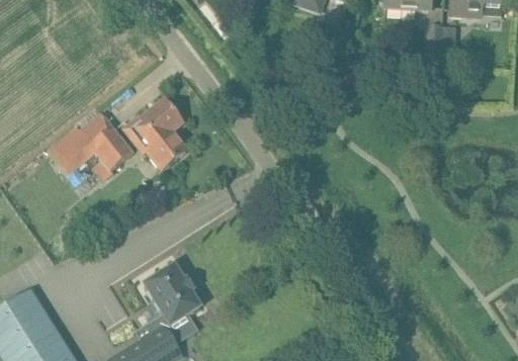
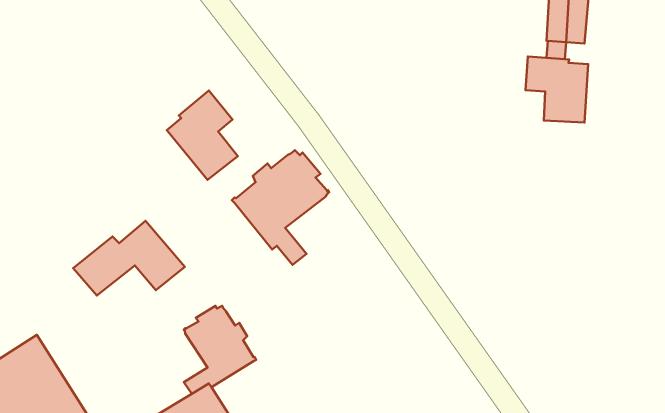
building: none -> [526,57,588,122]
building: [48,115,134,173] -> [73,221,185,296]
building: none -> [232,150,329,265]

